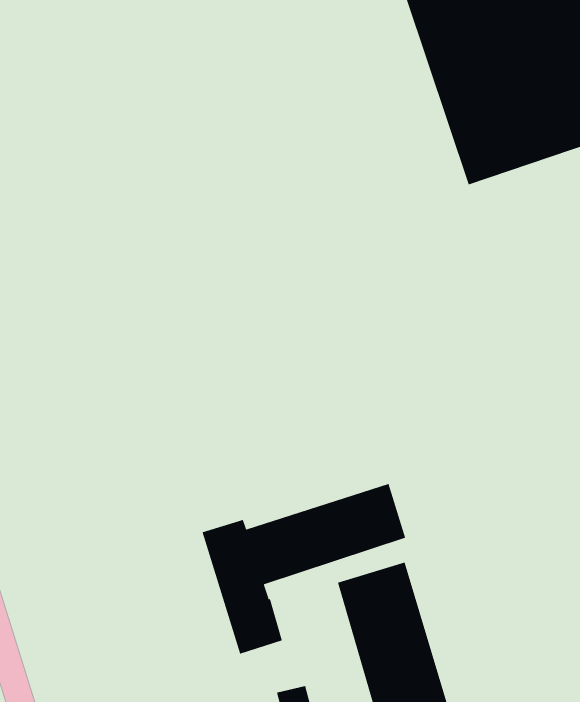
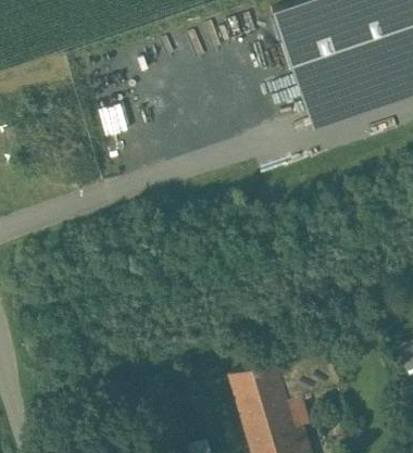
building: [202,483,406,654] -> none

